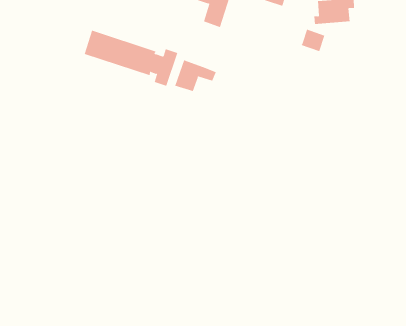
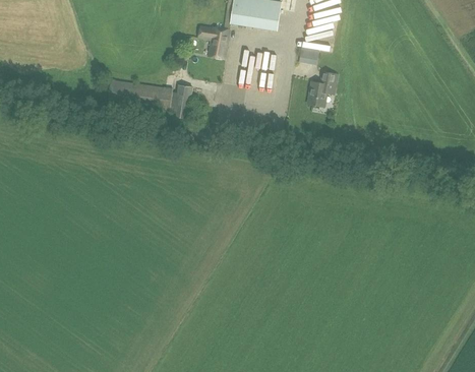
building: [174,59,216,92] -> none
building: none -> [306,72,336,107]

